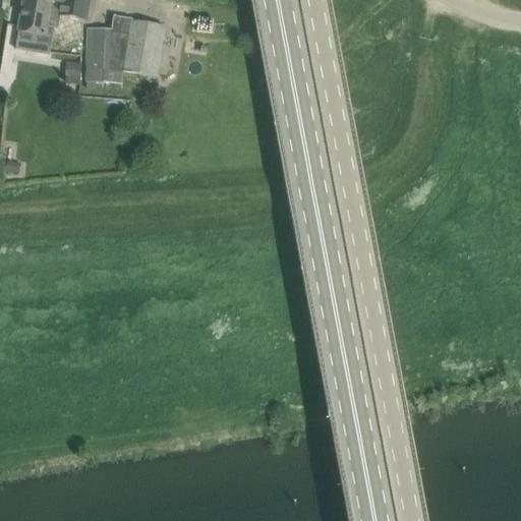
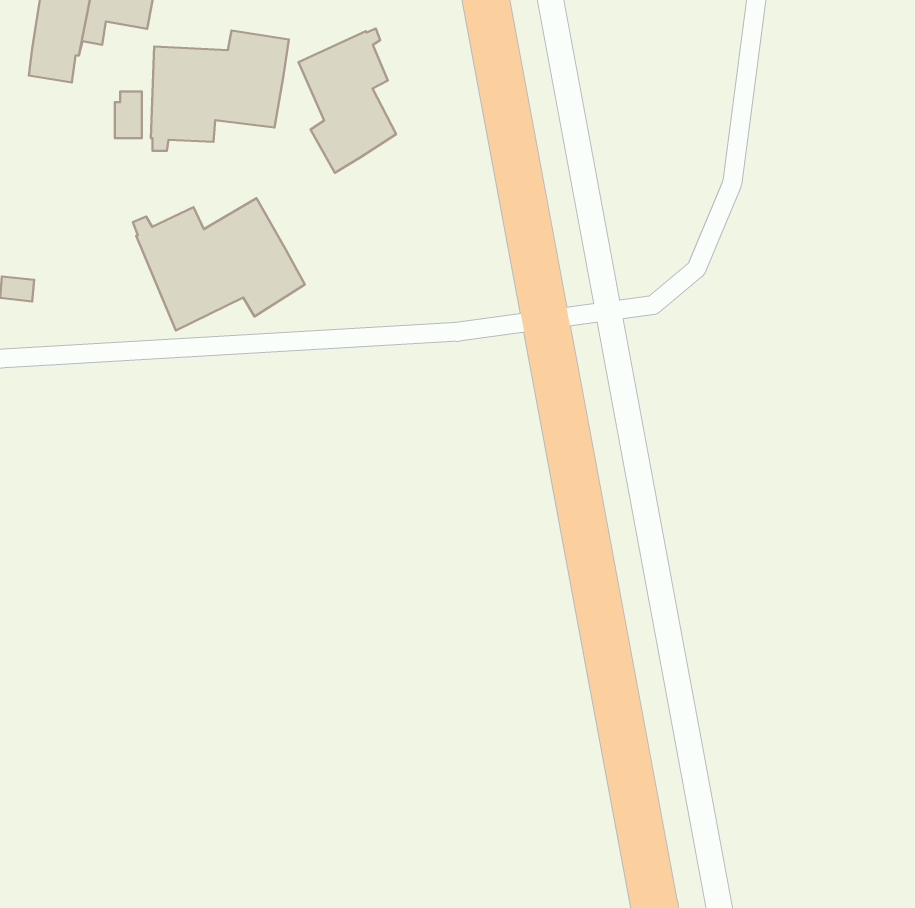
building: none -> [299,29,396,173]
building: none -> [133,198,305,330]

